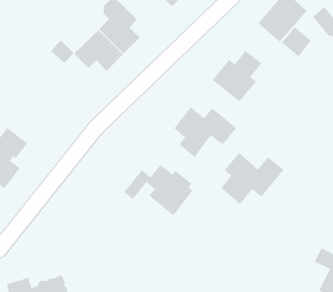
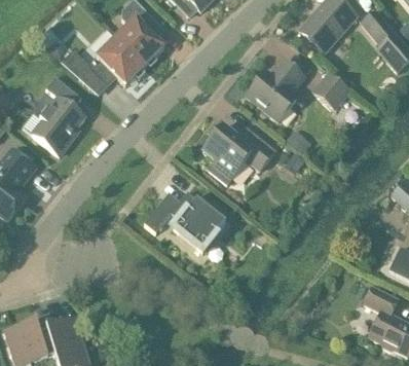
building: [281,27,311,57] -> [313,73,348,108]
building: none -> [32,76,85,155]
building: [221,152,284,205] -> none

